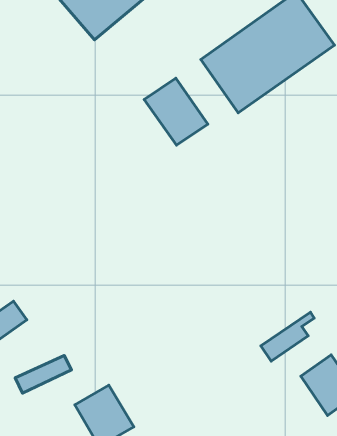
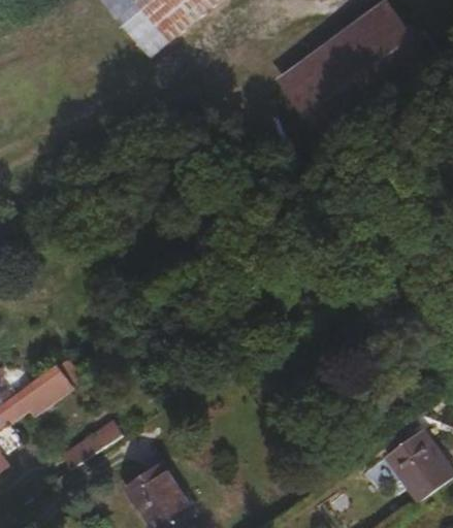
building: [144,78,208,145] -> none
building: [261,312,314,361] -> none

